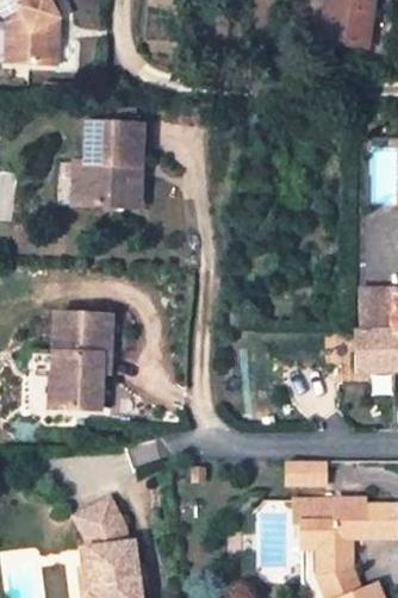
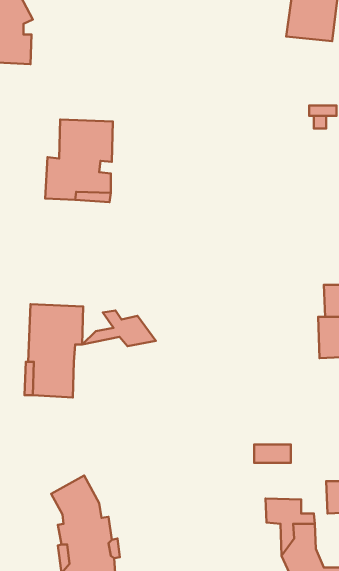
building: none -> [82,311,156,346]
building: [294,494,365,534] -> none

